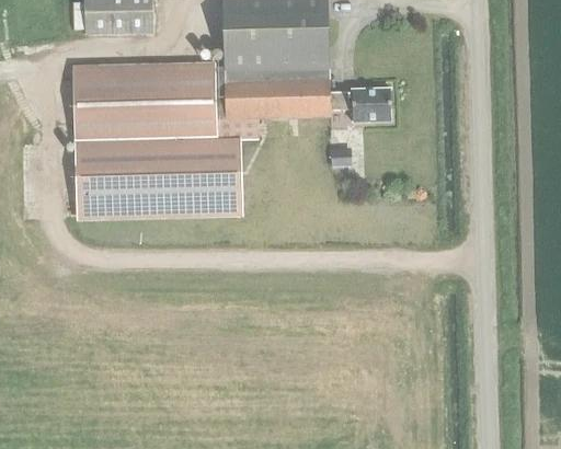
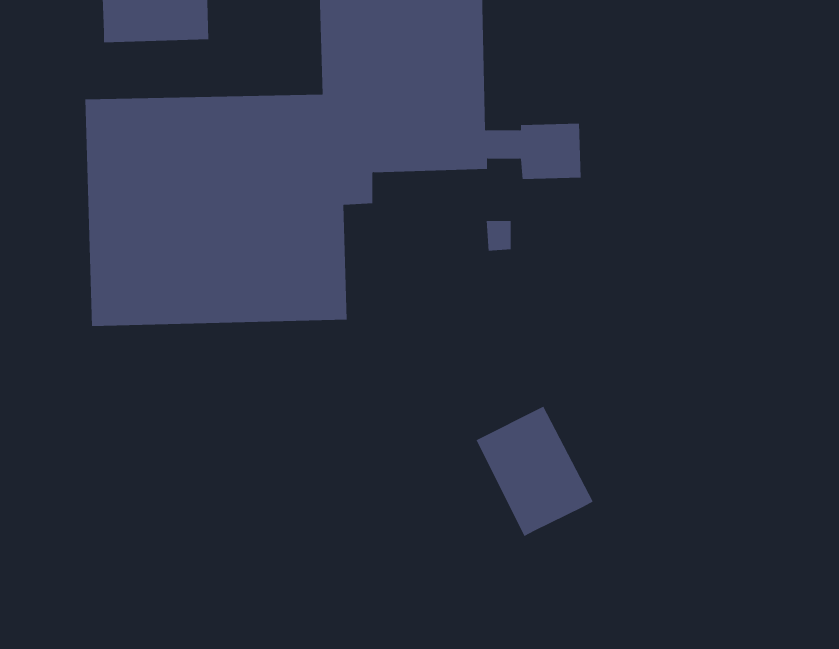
building: none -> [476,406,593,537]

